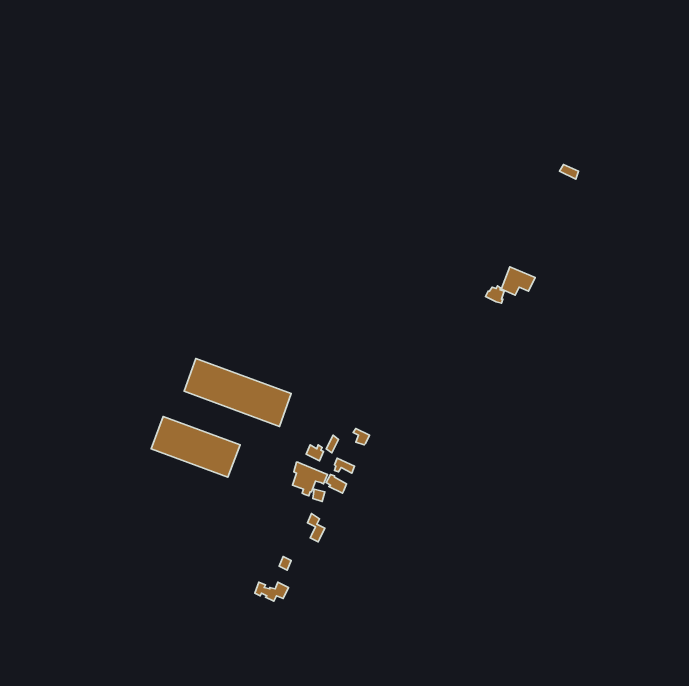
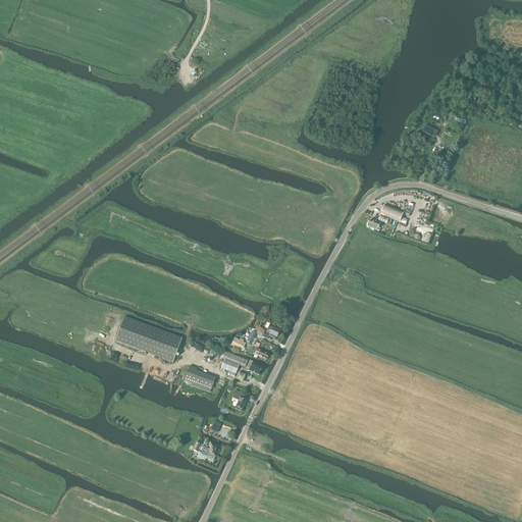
building: [184,359,291,426] -> none
building: none -> [184,364,215,390]

